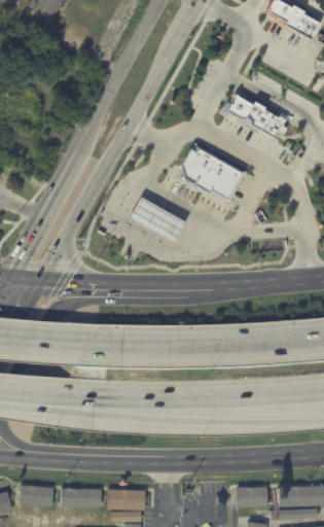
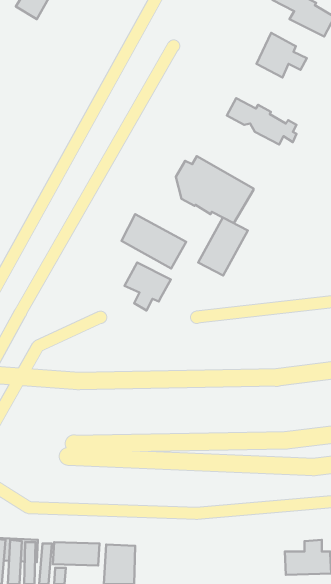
building: none -> [256,33,307,78]
building: none -> [198,218,248,276]
building: none -> [124,263,171,310]
building: [239,485,271,505] -> none

